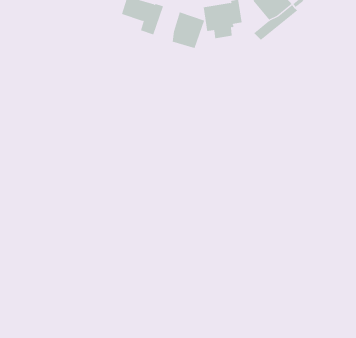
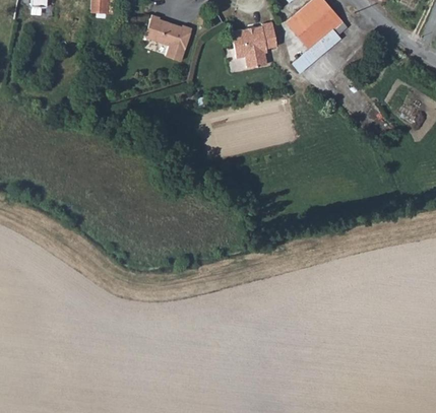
building: [172,11,205,49] -> none

